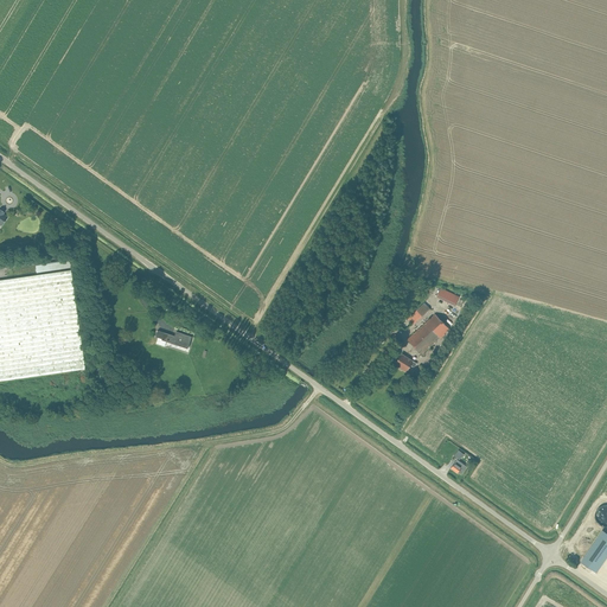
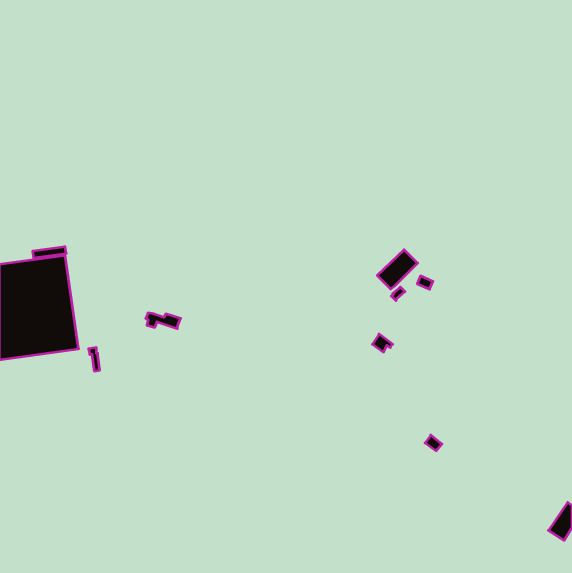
building: [405,313,448,354] -> [377,250,418,289]

